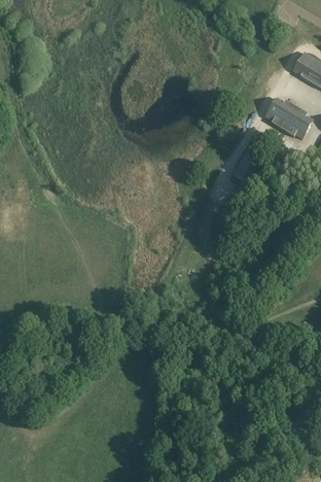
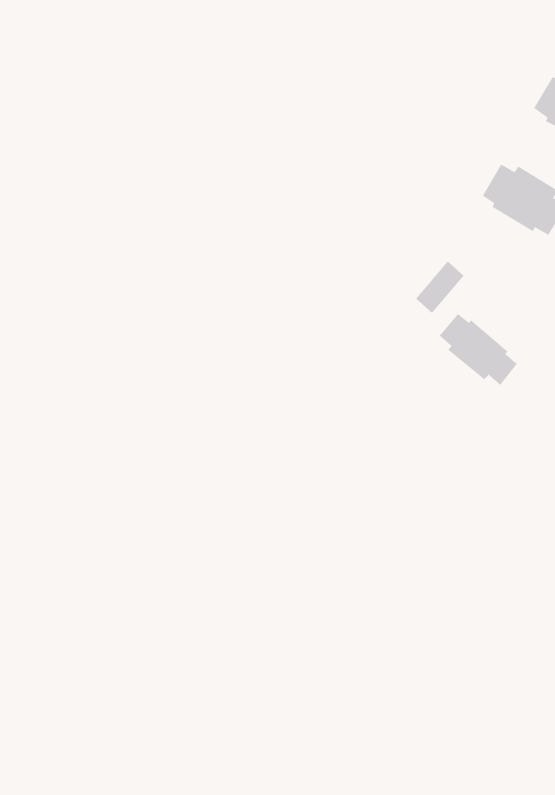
building: none -> [439,313,518,386]

